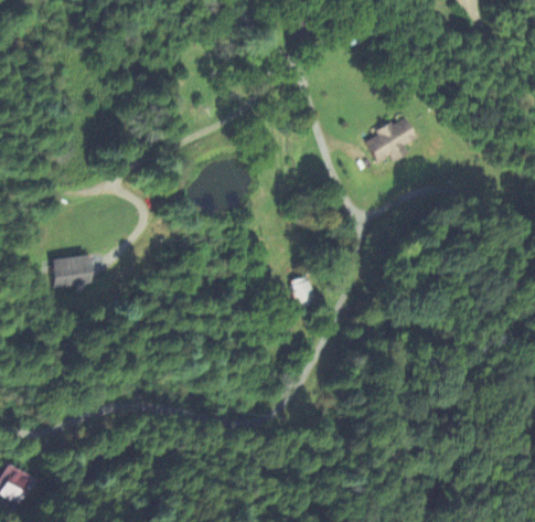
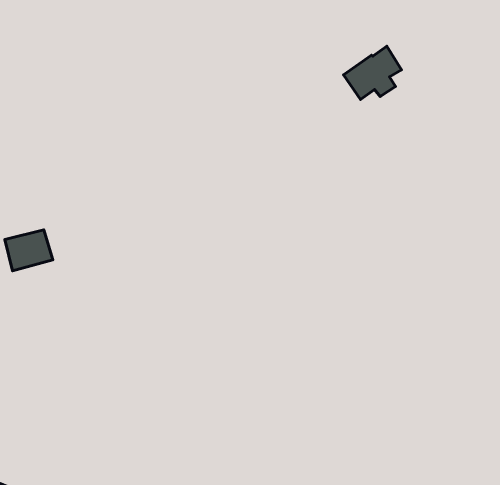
building: [290,274,315,302] -> none

